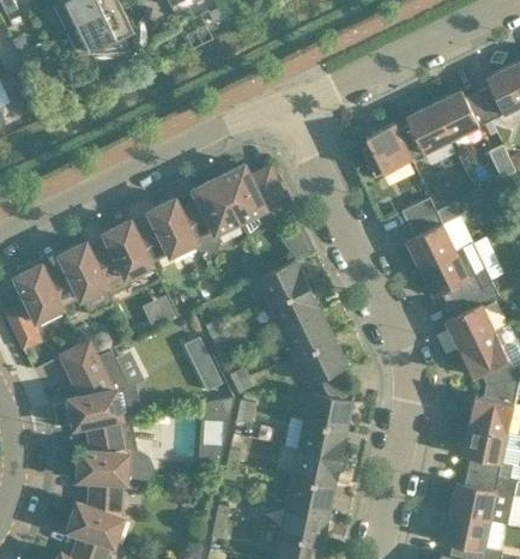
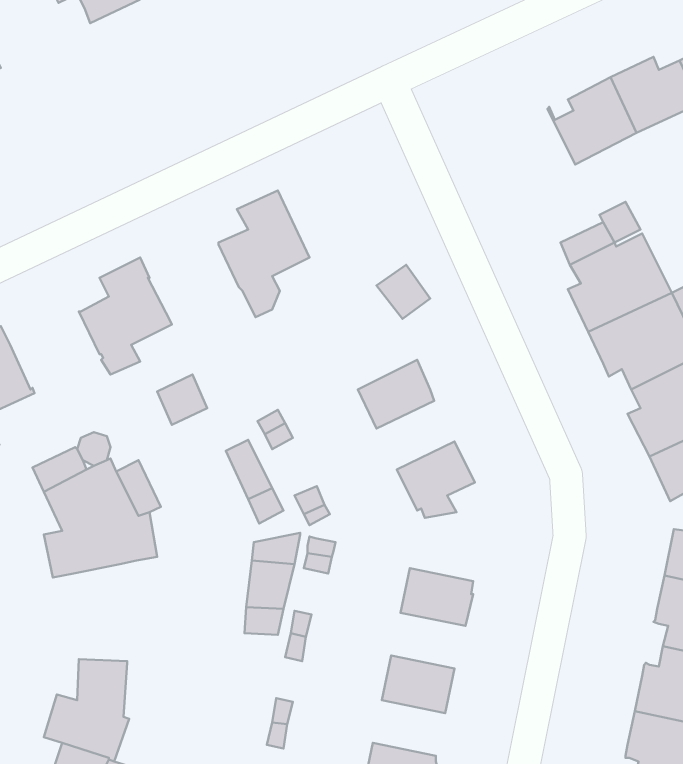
building: [359,124,410,176] -> none
building: [218,164,285,224] -> none
building: [134,198,195,260] -> none
building: [46,241,113,315] -> none
building: [256,259,308,305] -> none
building: [282,312,332,356] -> none
building: [303,384,350,428] -> none
building: [77,415,151,482] -> none
building: [291,449,339,485] -> none
building: [279,505,327,541] -> none

